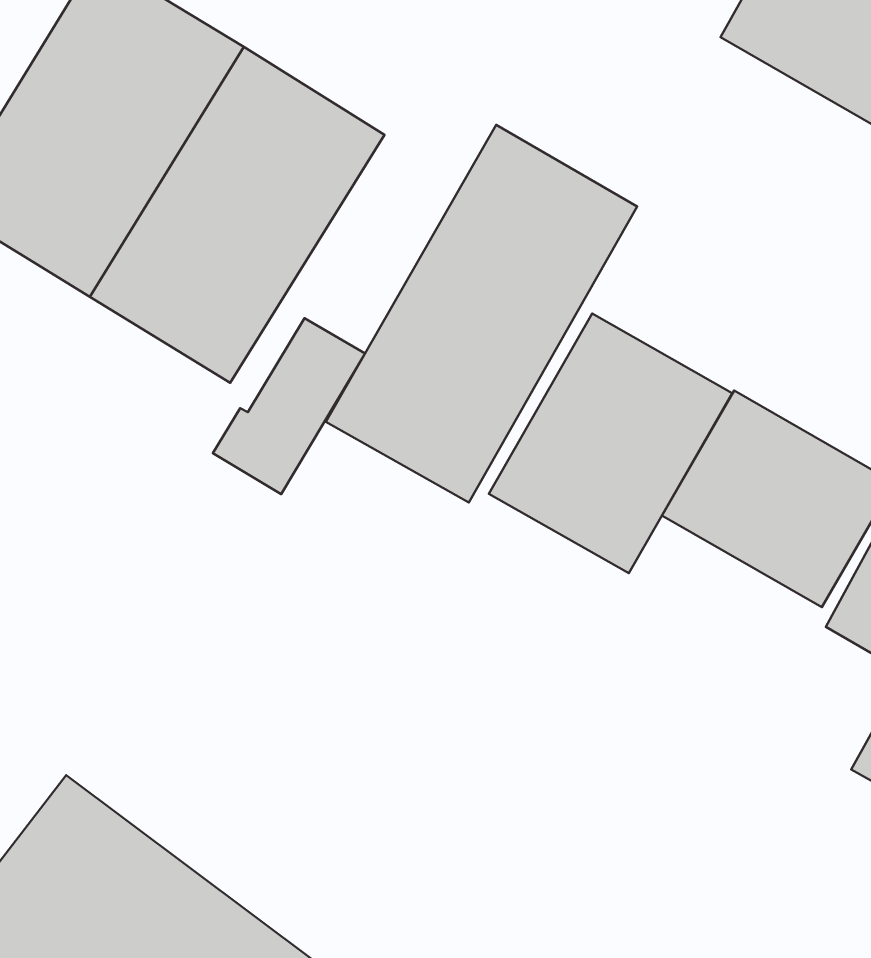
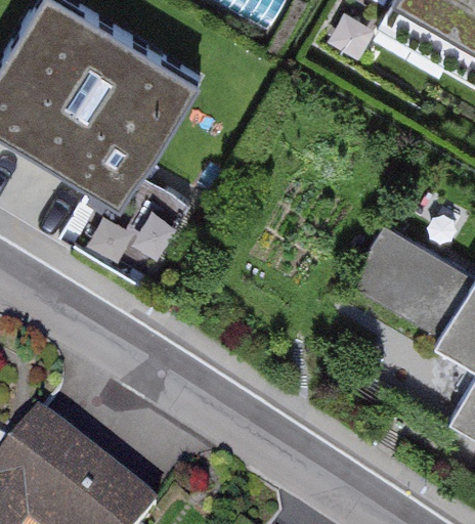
building: [326,125,637,503] -> none
building: [489,314,732,573] -> none

